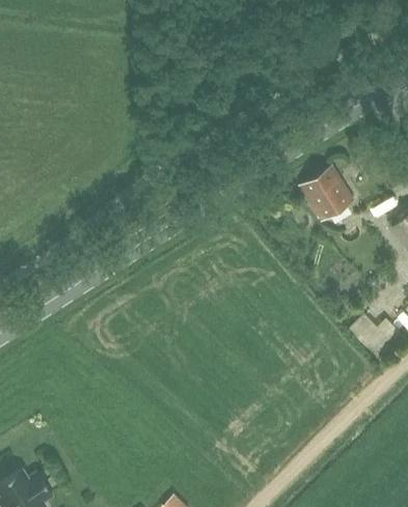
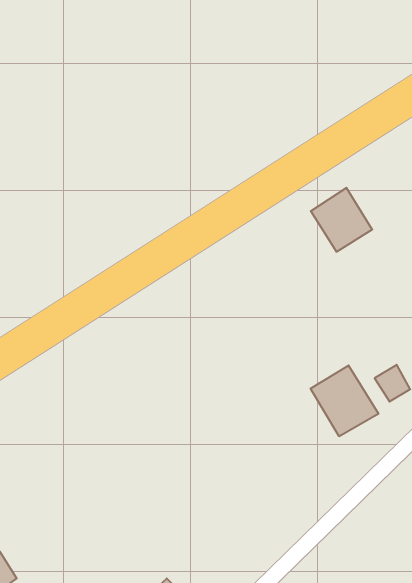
building: none -> [311,365,378,436]

